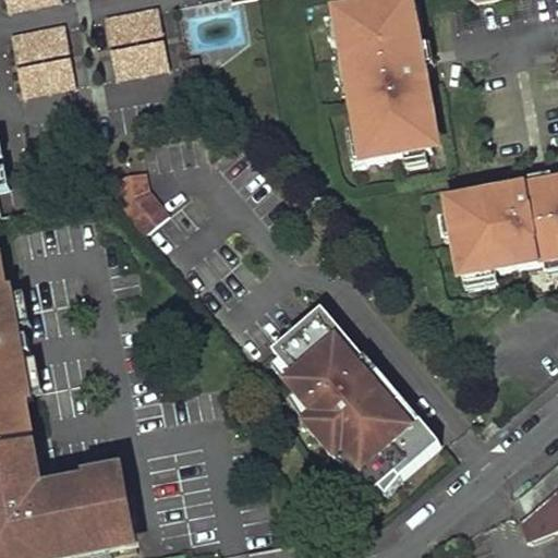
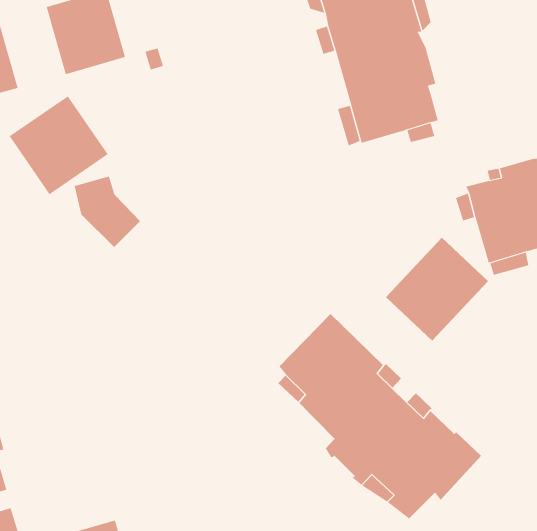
building: none -> [9,95,109,195]
building: none -> [385,237,489,341]

